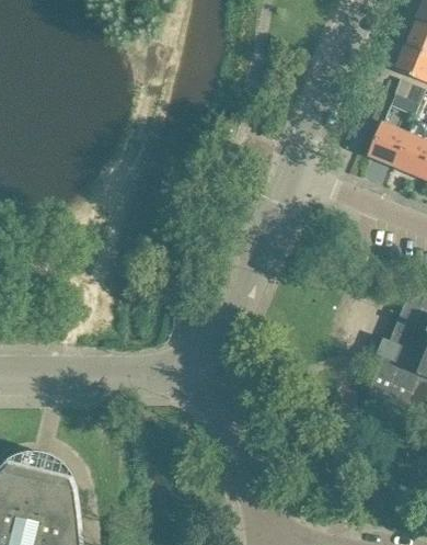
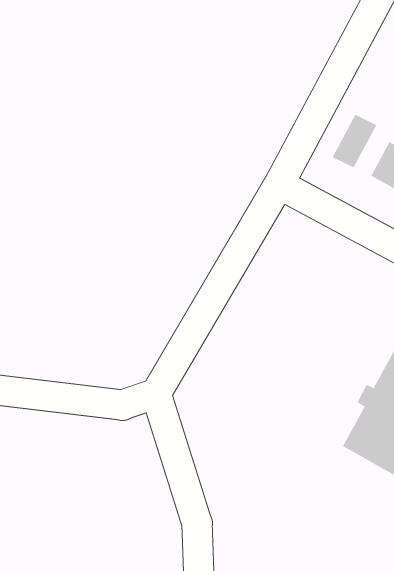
building: none -> [332,114,377,168]

